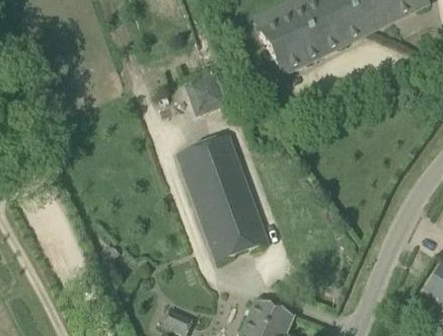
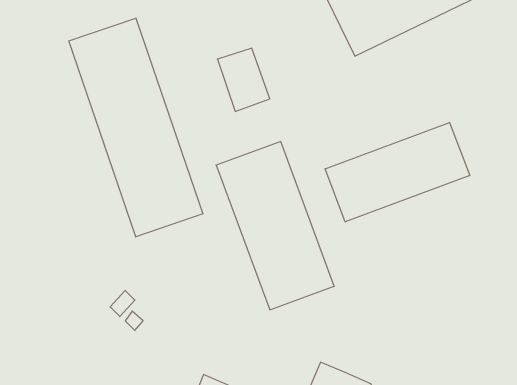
building: none -> [69,18,203,237]
building: none -> [325,122,470,222]

